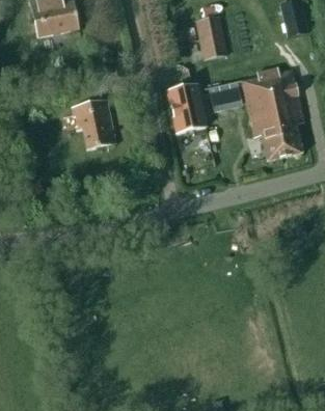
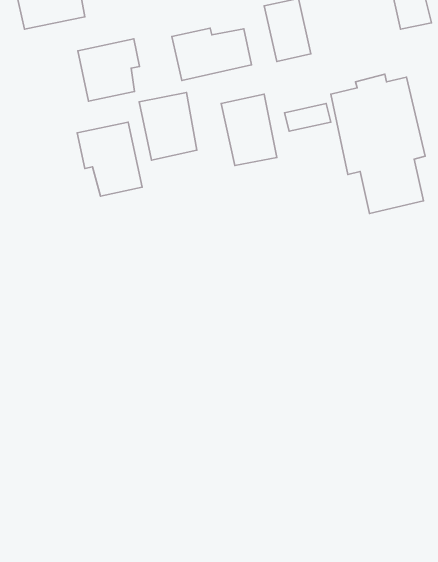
building: none -> [172,28,251,80]
building: none -> [78,39,140,101]
building: none -> [139,92,197,160]

